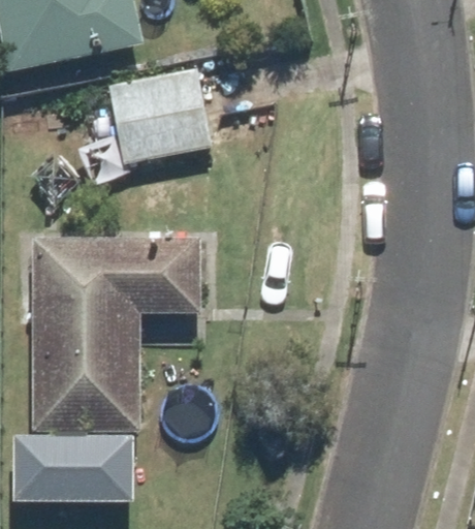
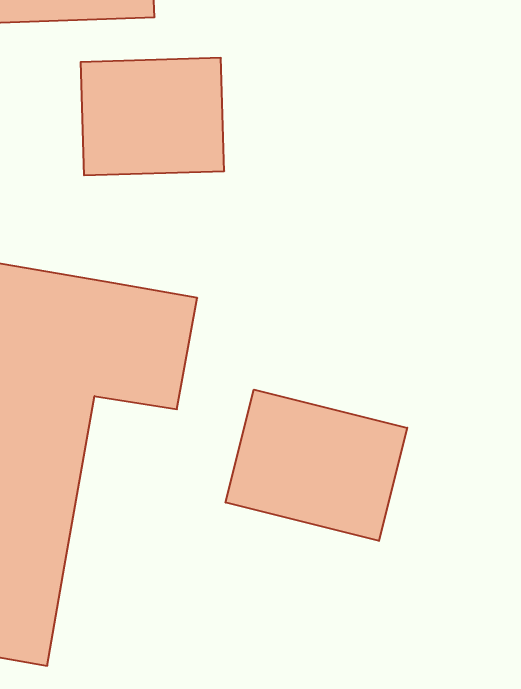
building: none -> [226,390,407,541]

